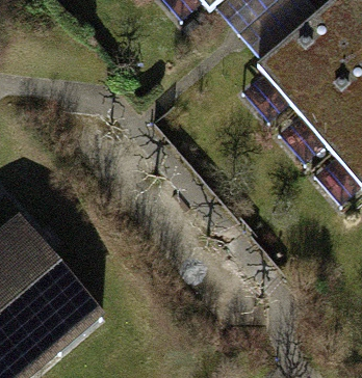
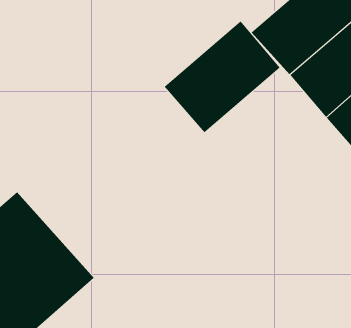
building: none -> [164,20,280,133]

